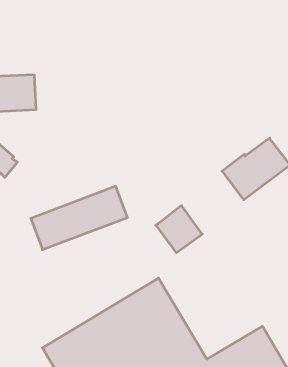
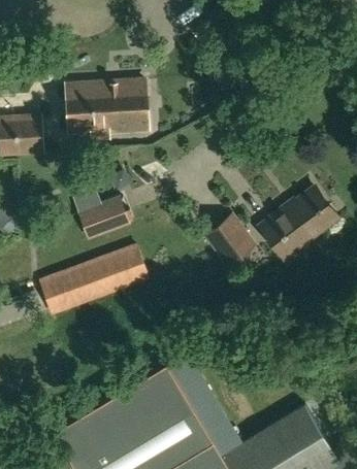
building: none -> [65,82,149,136]
building: none -> [71,185,131,239]
building: [156,206,202,253] -> [203,212,257,267]

